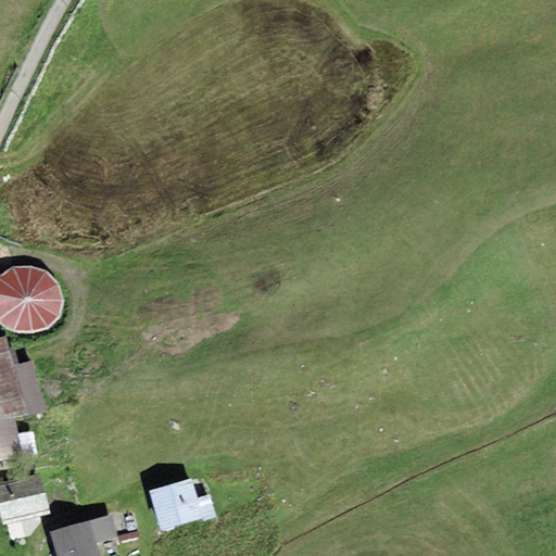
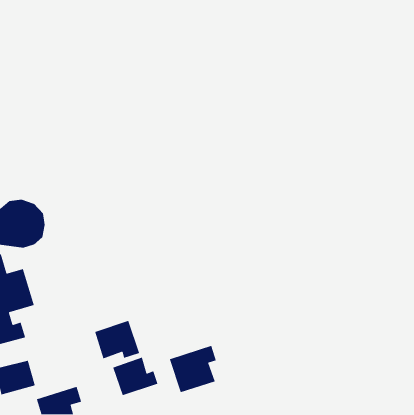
building: none -> [94,320,140,359]
building: none -> [169,345,217,393]

